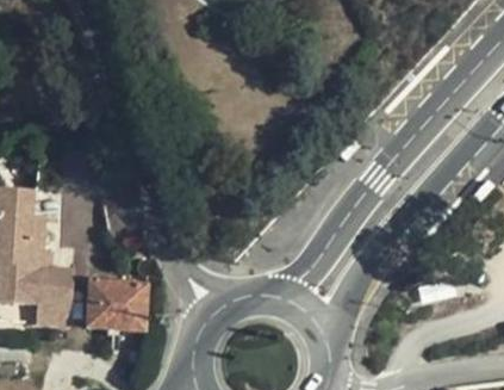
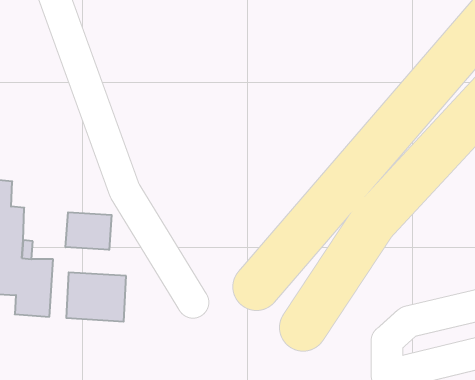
building: none -> [66,212,112,250]

